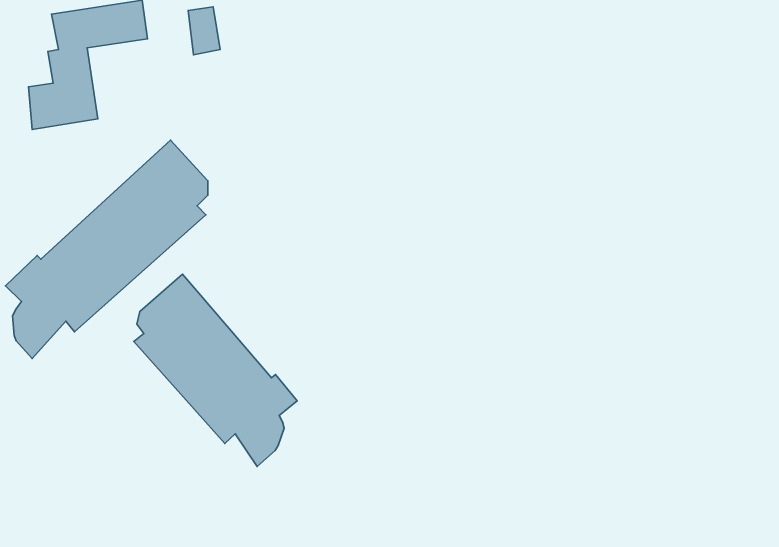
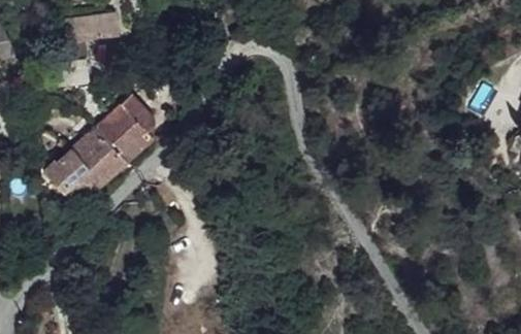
building: [134,274,297,467] -> none

